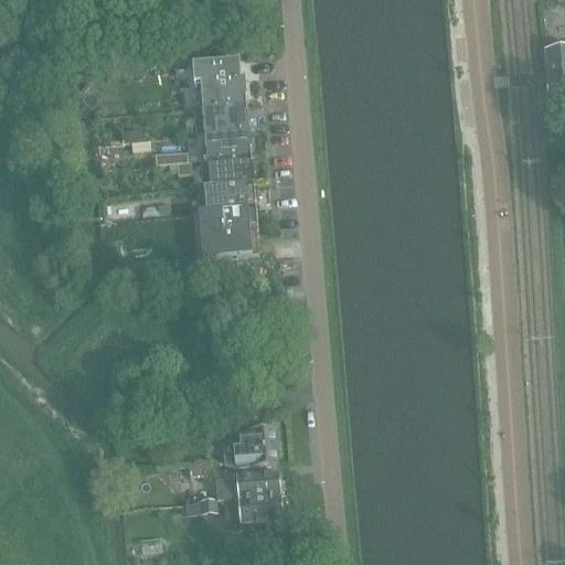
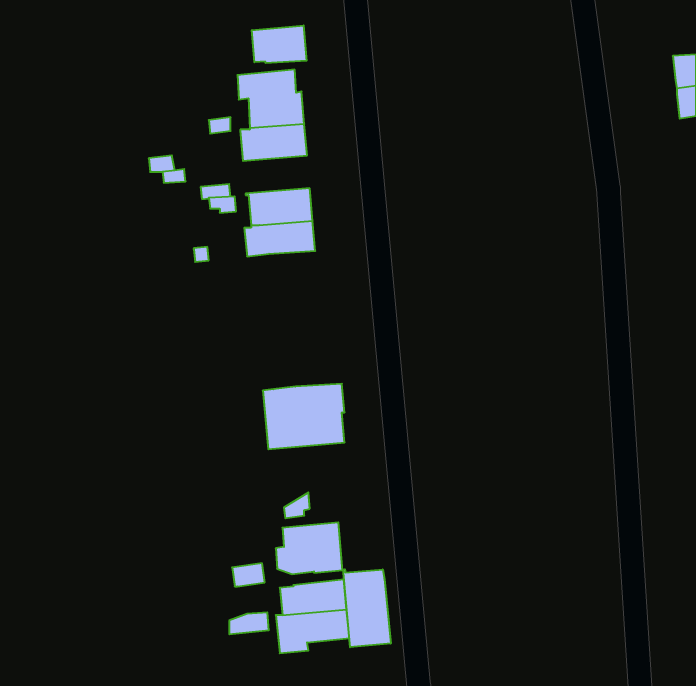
building: none -> [252,25,307,63]
building: [196,126,250,157] -> none
building: [191,203,257,256] -> [263,384,345,449]
building: none -> [343,569,391,647]

